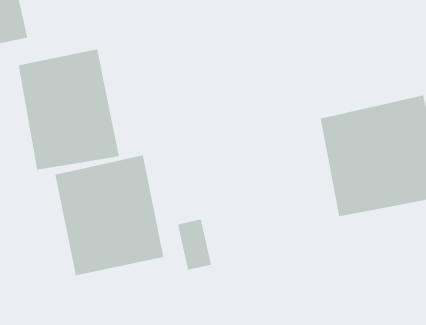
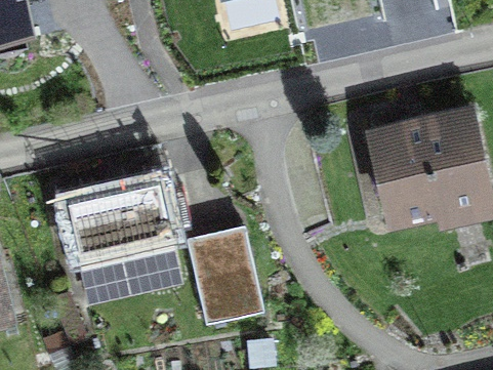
building: [18,48,119,170] -> none

